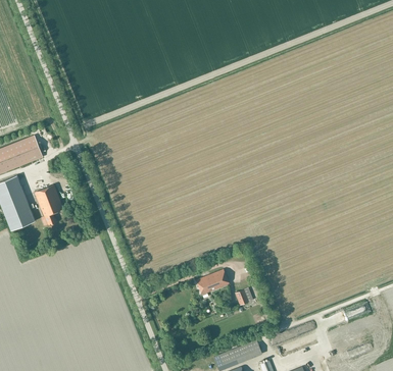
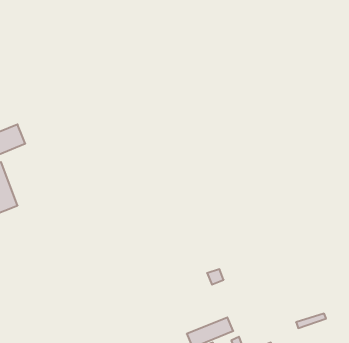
building: [35,184,63,225] -> none
building: [196,269,229,295] -> none

